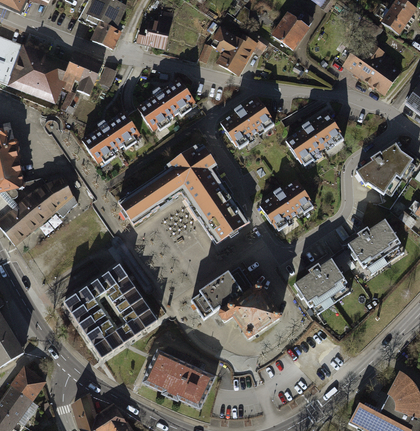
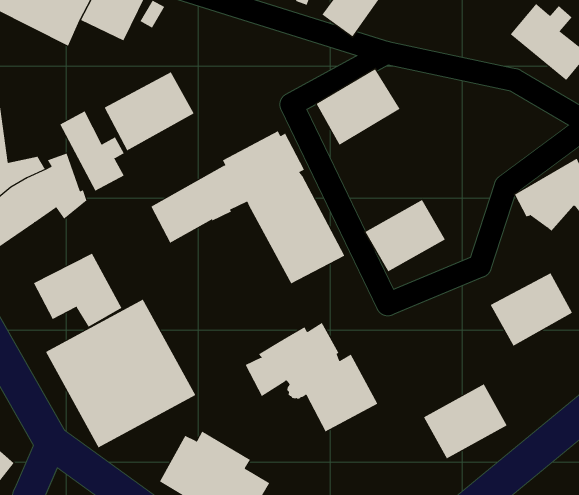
building: [136,78,196,133] -> none
building: [283,110,343,163] -> none
building: none -> [59,111,124,191]
building: none -> [33,253,122,328]
building: [293,258,349,310] -> [423,384,508,459]

